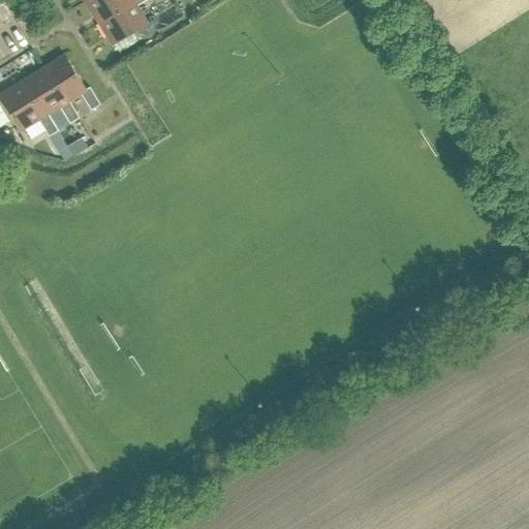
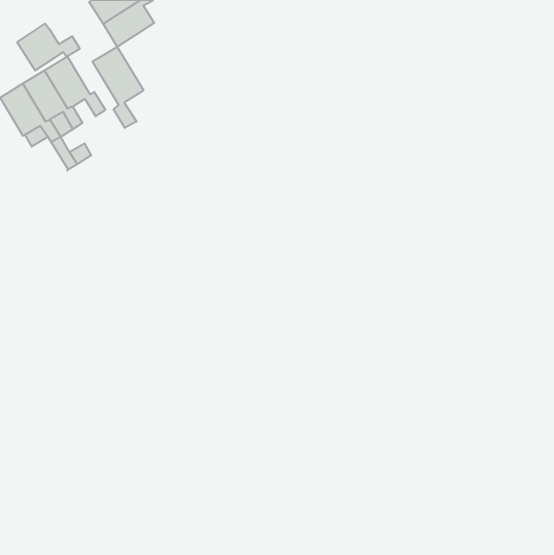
building: none -> [17,24,80,71]
building: none -> [93,47,143,128]

